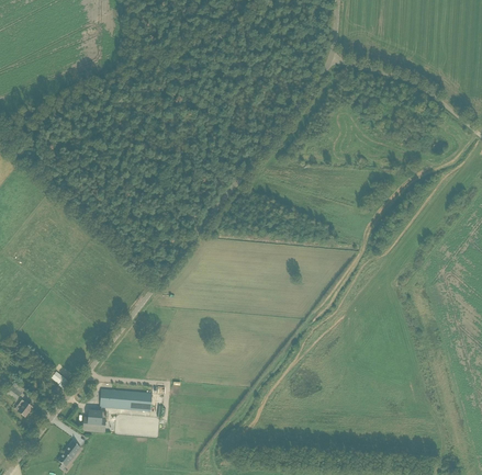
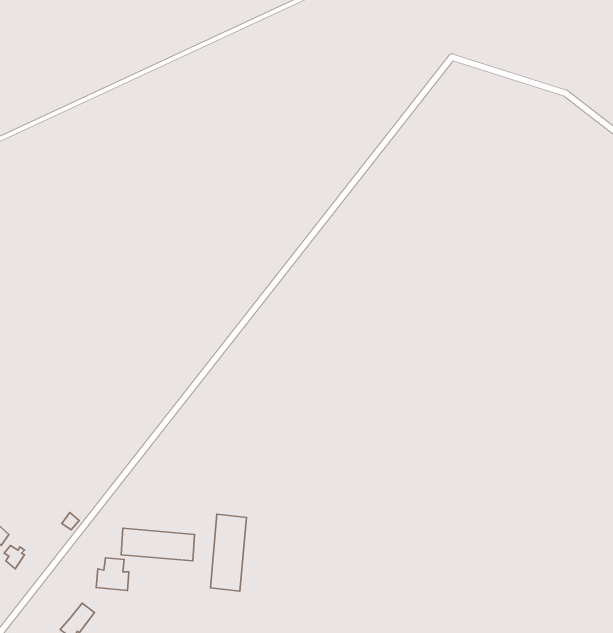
building: none -> [211,514,246,591]

